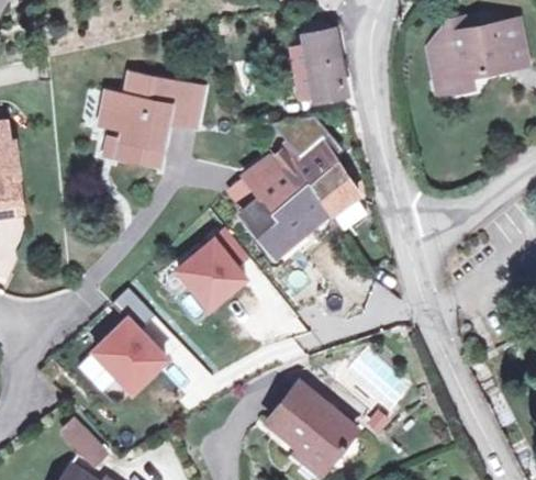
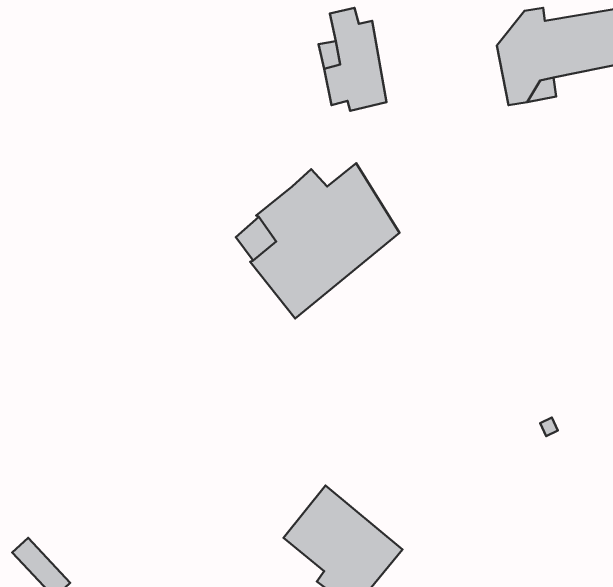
building: [102,75,200,163] -> none
building: [178,228,248,308] -> none
building: [94,288,167,390] -> none

